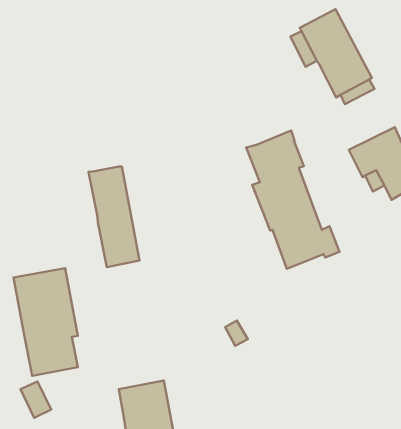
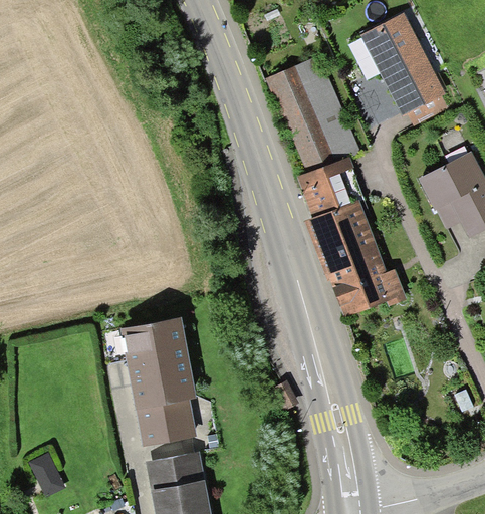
building: none -> [267,55,359,172]
building: [89,166,140,267] -> none
building: [13,268,78,376] -> [120,318,197,446]

